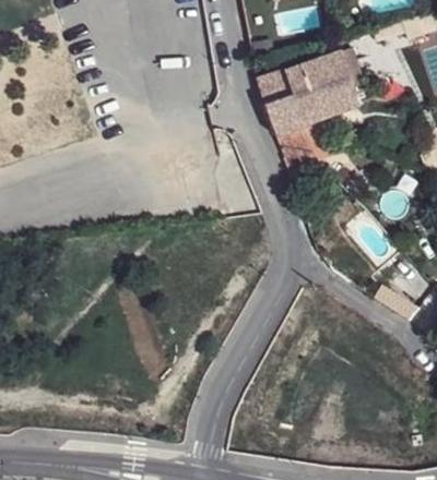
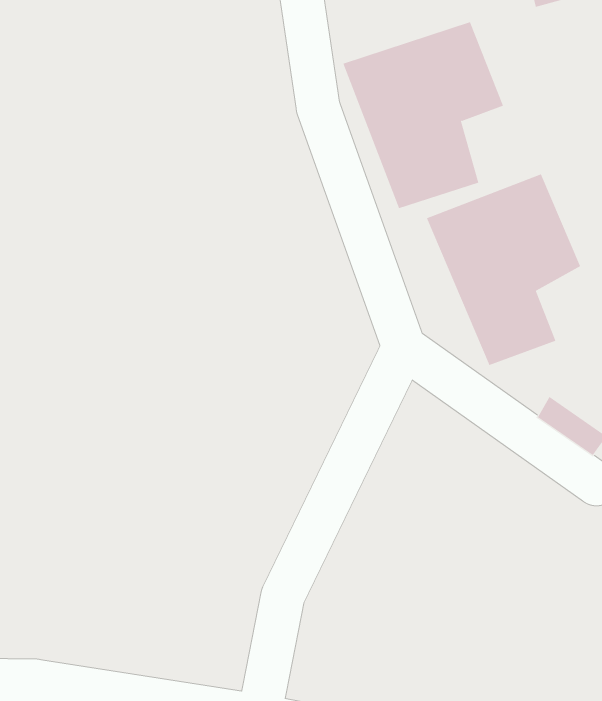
building: none -> [426,173,581,366]

